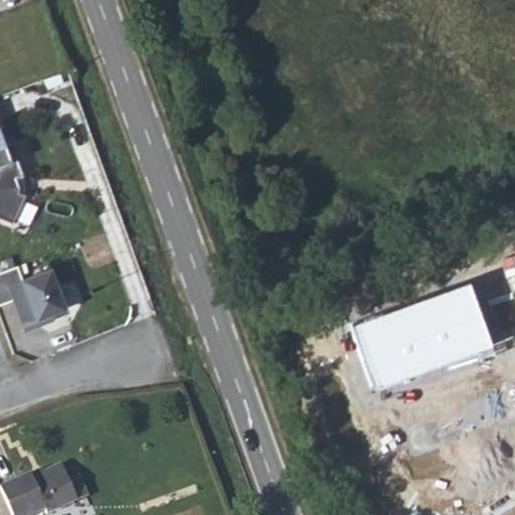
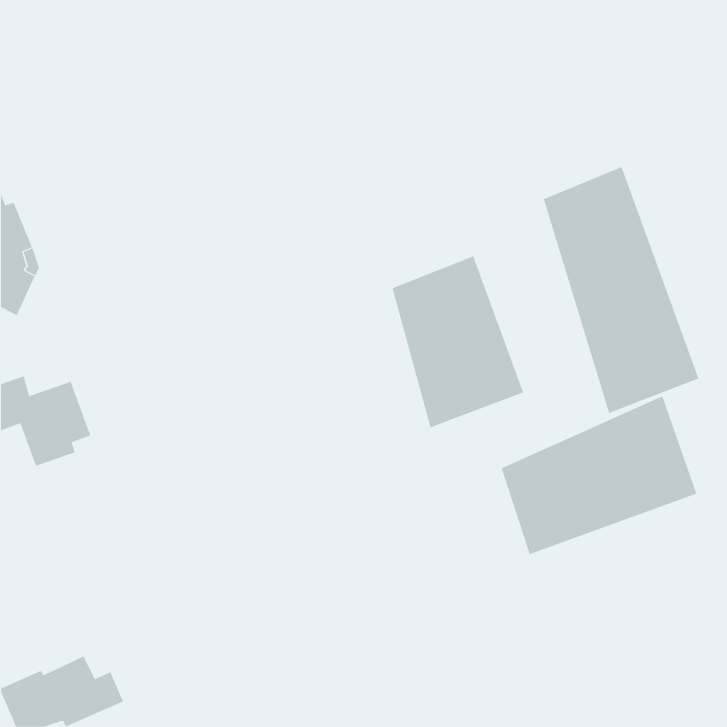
building: none -> [543,166,699,414]
building: none -> [392,255,524,428]

